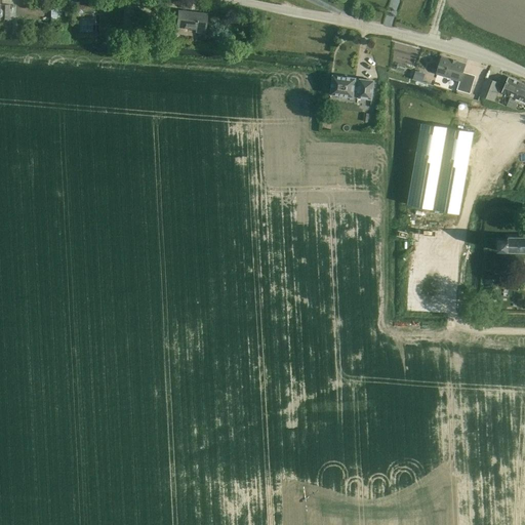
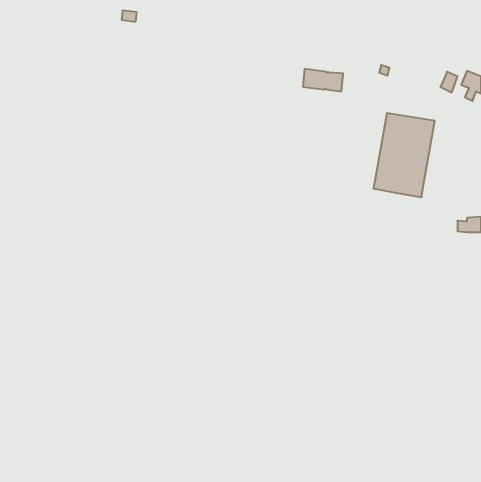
building: [175,10,206,33] -> none
building: [436,56,475,93] -> none

